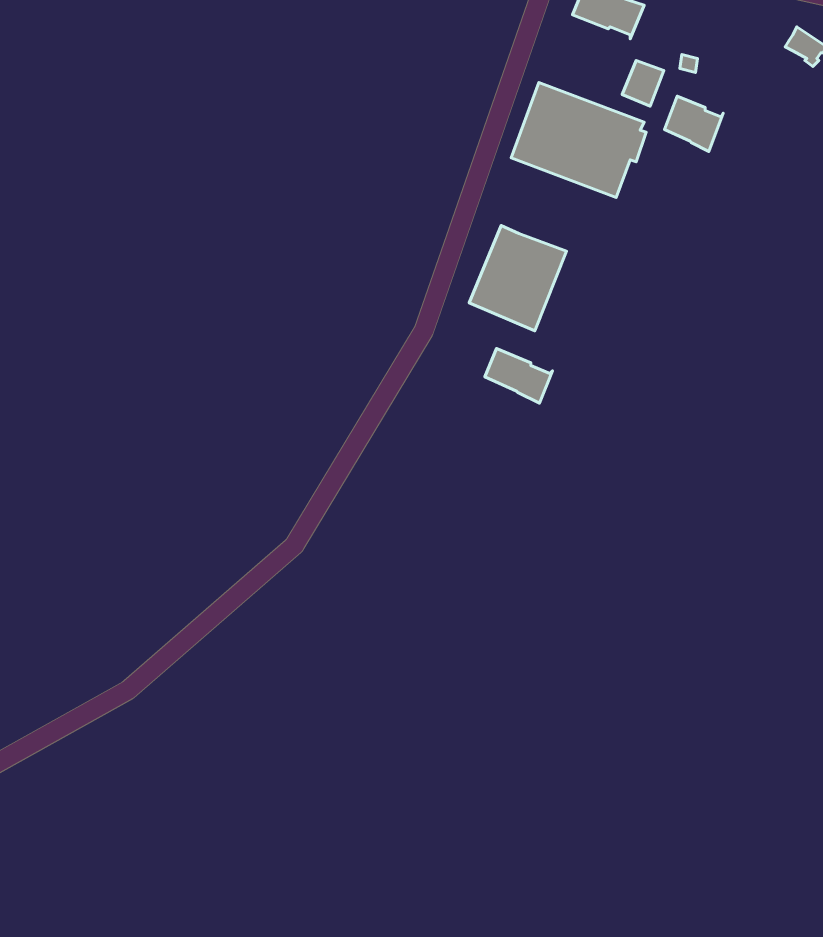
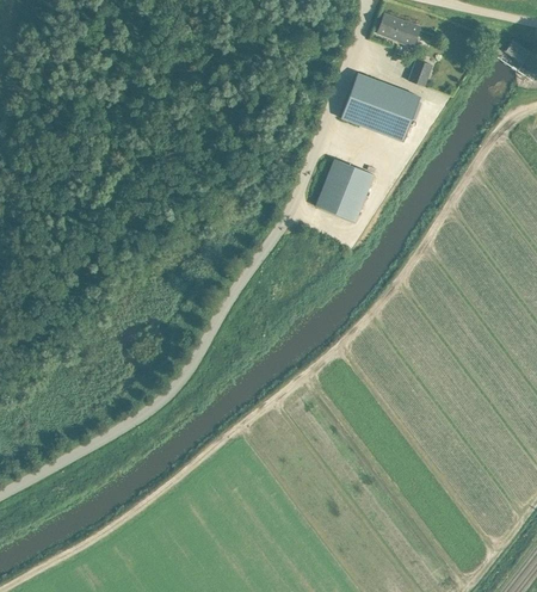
building: [664,96,723,151] -> none
building: [485,349,553,403] -> none

